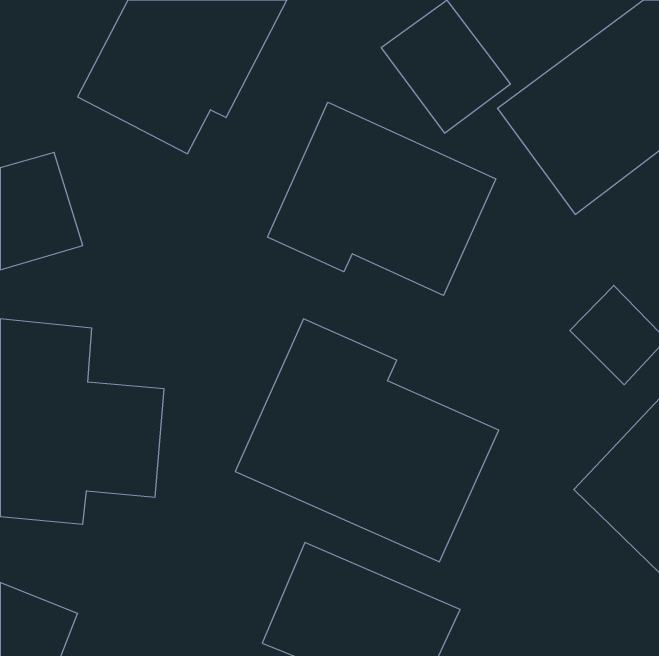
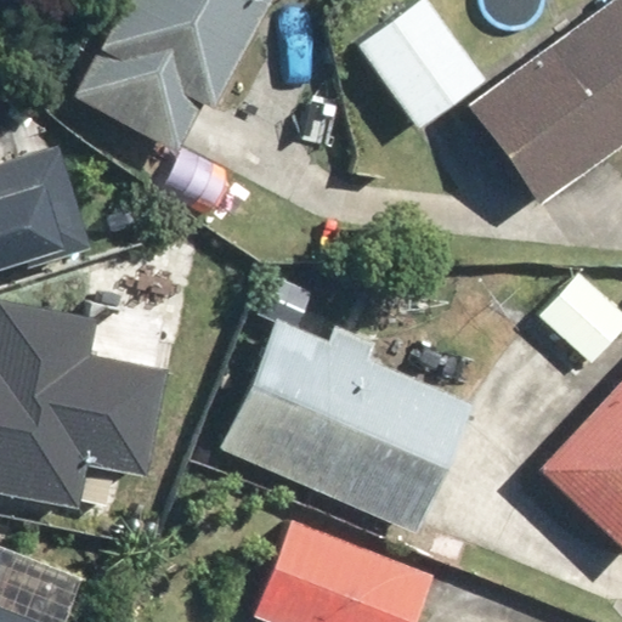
building: [267,102,496,295] -> none

